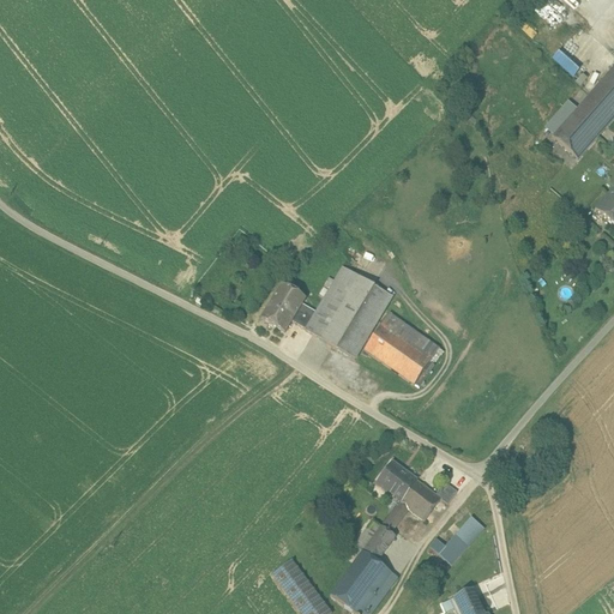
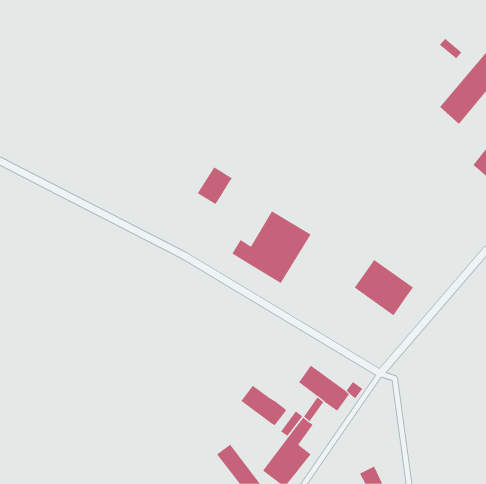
building: [261,282,307,330] -> [197,167,233,205]
building: [365,312,440,384] -> [354,259,414,316]
building: none -> [241,385,287,426]
building: [431,514,484,564] -> none

